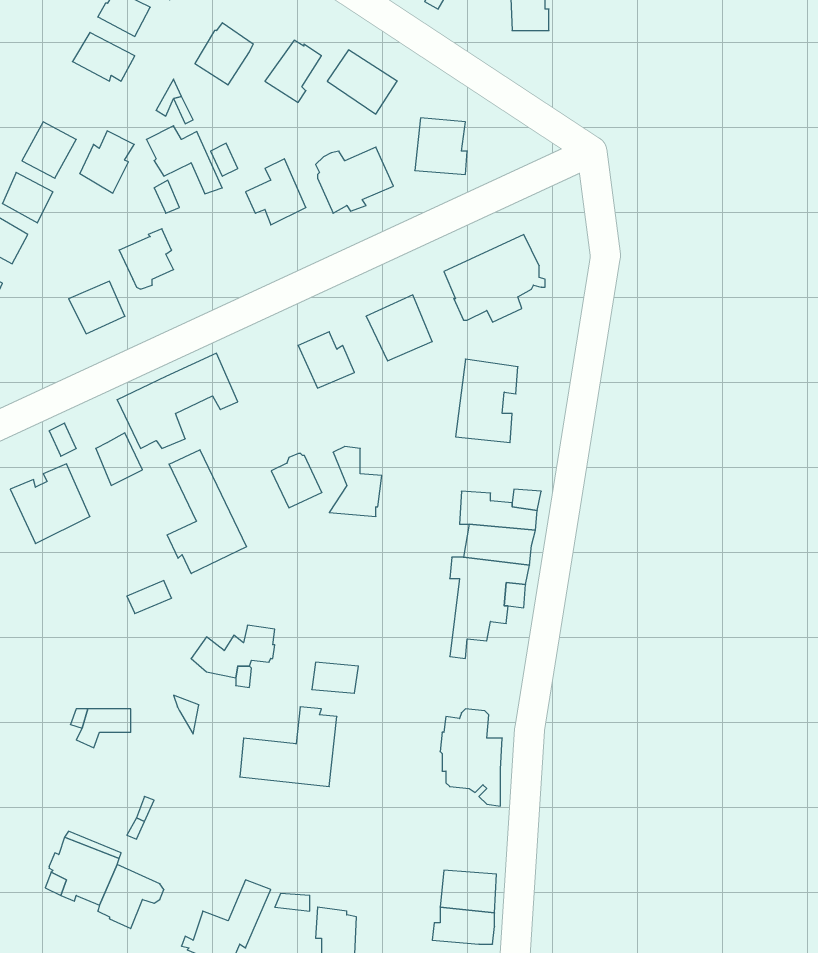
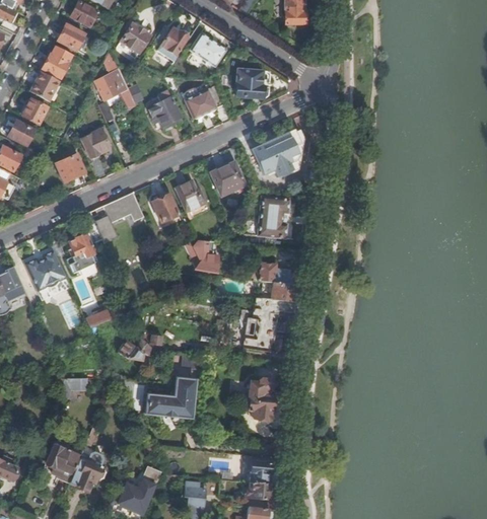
building: [80,131,134,193] -> [43,46,71,78]
building: [167,450,247,574] -> none
building: [271,453,322,508] -> [151,194,178,222]

